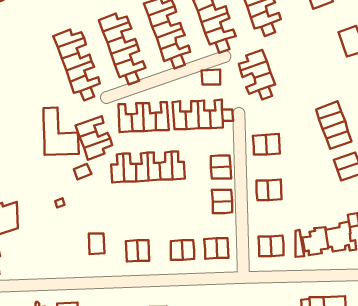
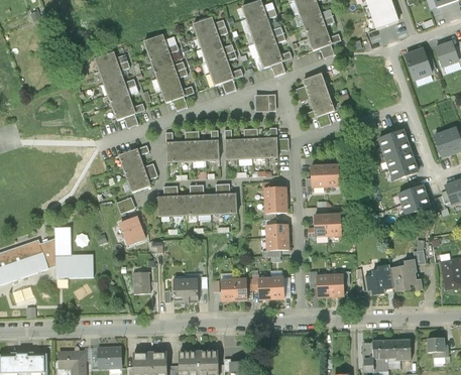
building: [44,107,79,155] -> [54,226,93,277]
building: none -> [119,215,144,244]

